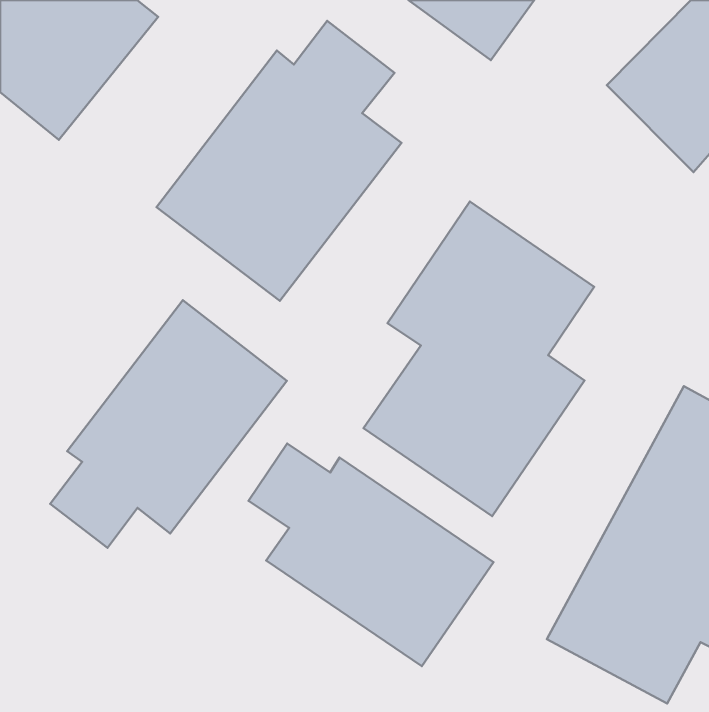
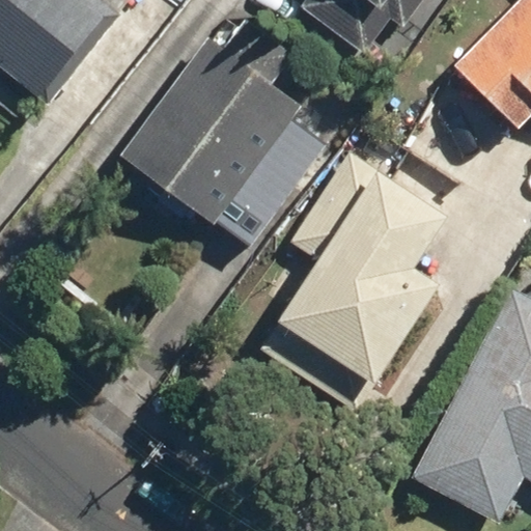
building: [50,300,287,548] -> none
building: [248,444,493,666] -> none

